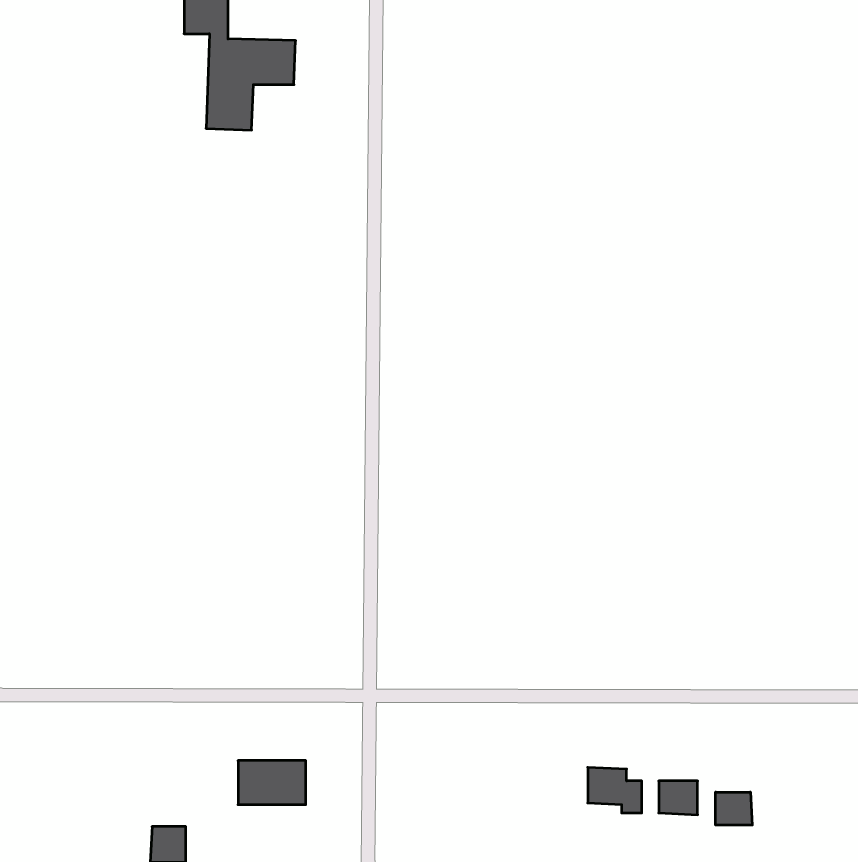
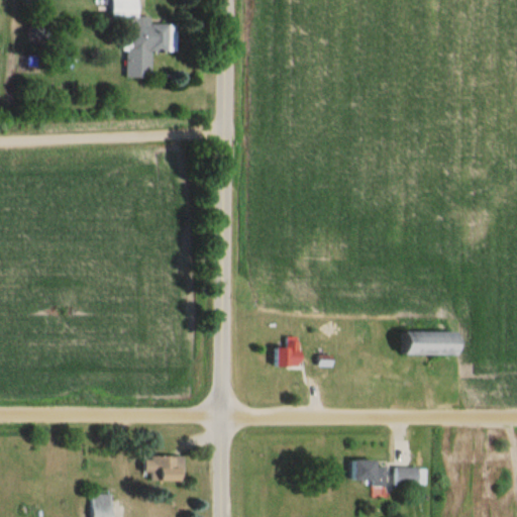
building: none -> [405,332,457,356]
building: none -> [275,337,300,368]
building: [716,792,752,825] -> none

